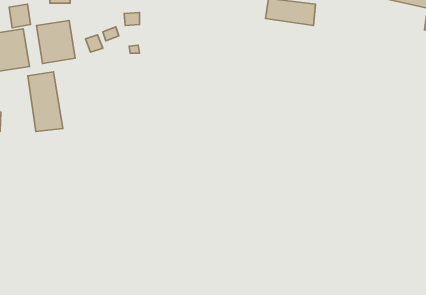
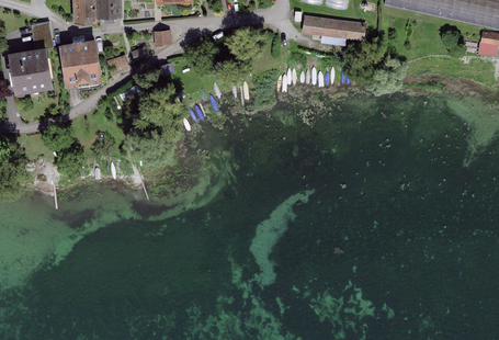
building: [28,72,63,132] -> none

